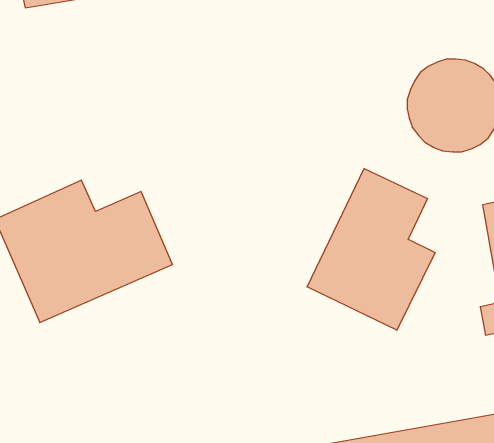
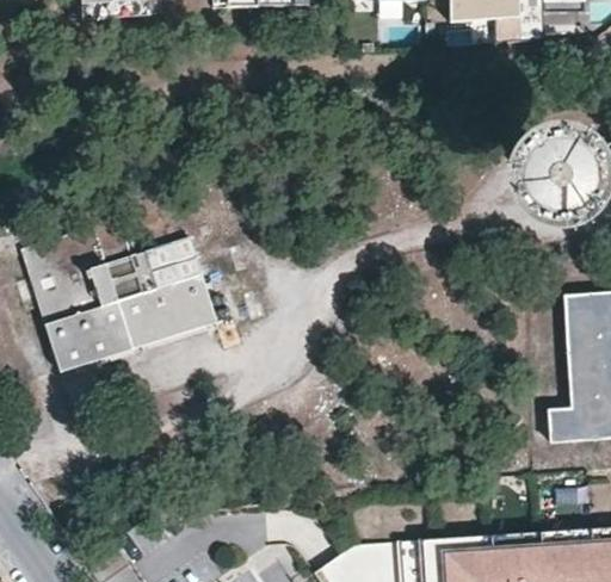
building: [307,169,435,330] -> none

